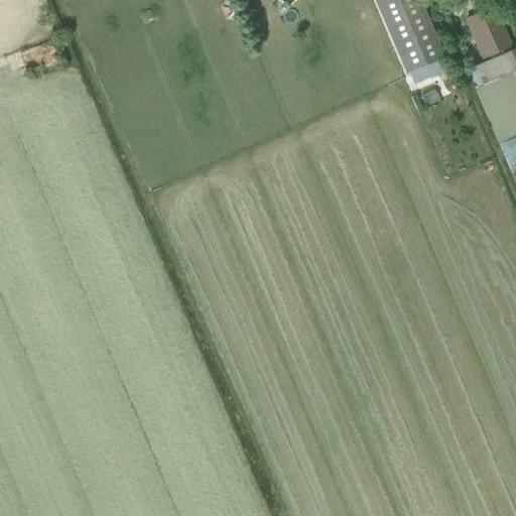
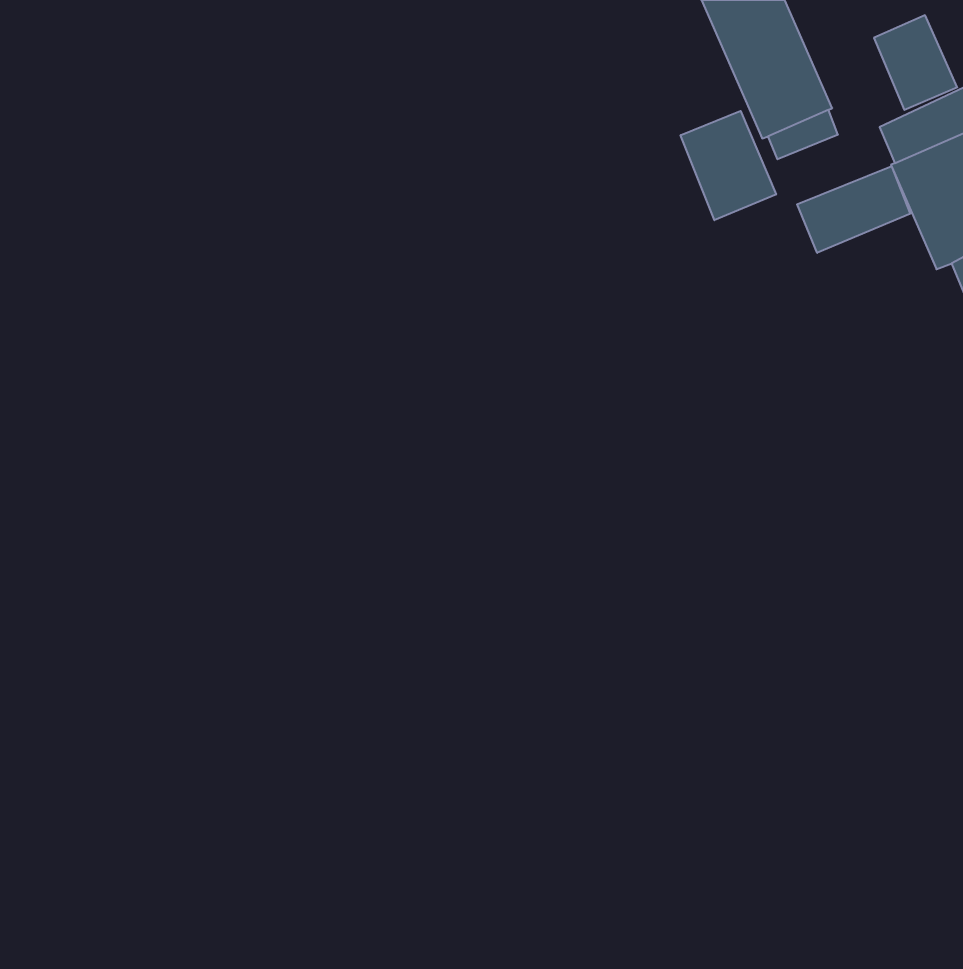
building: none -> [681,111,776,220]
building: none -> [797,166,910,253]

